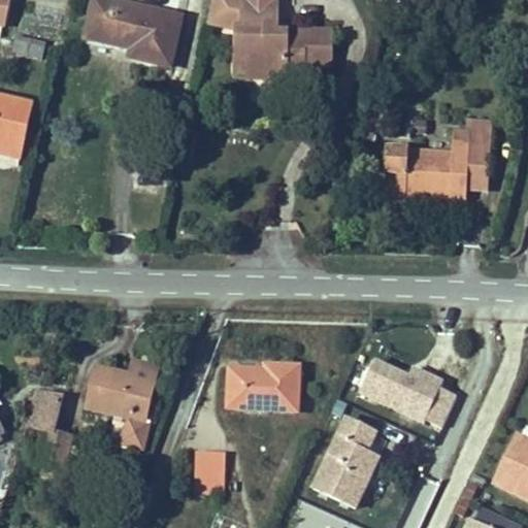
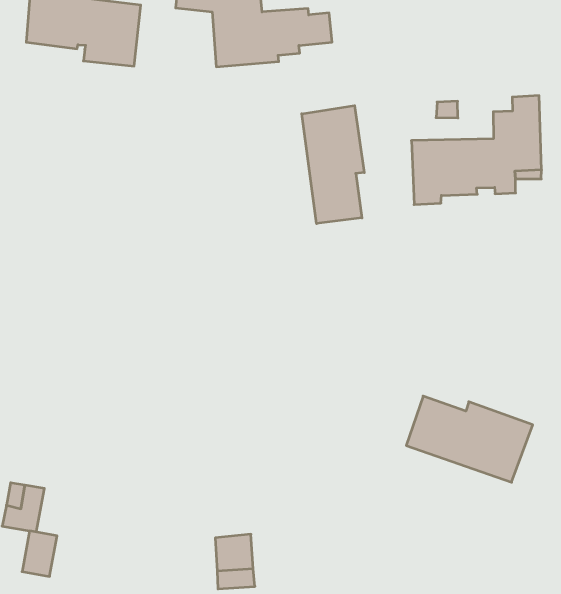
building: none -> [302,106,364,224]
building: [88,357,159,448] -> none
building: [228,363,299,409] -> none
building: [315,418,377,504] -> none

